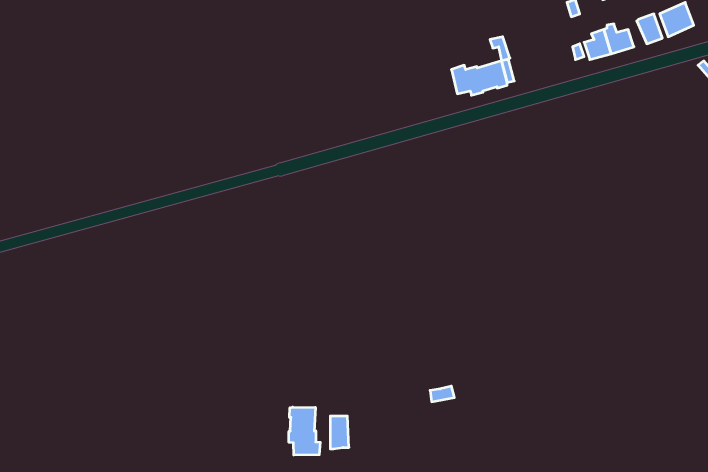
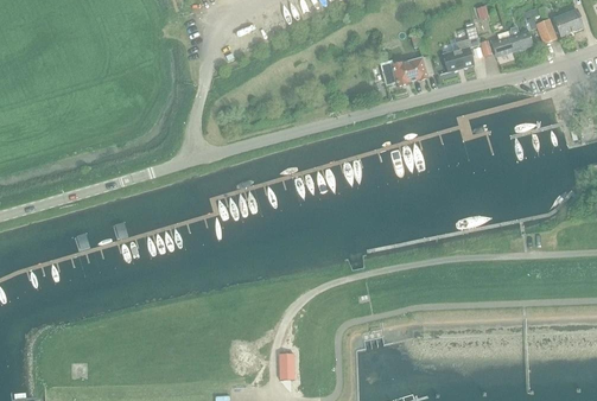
building: none -> [442,24,478,70]
building: [289,407,320,455] -> none

